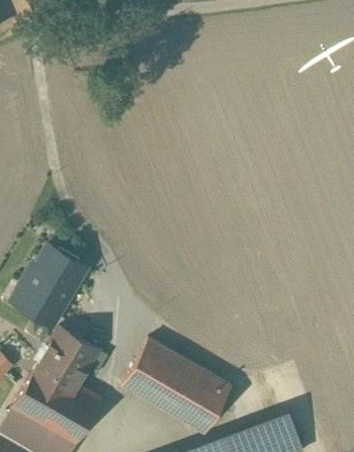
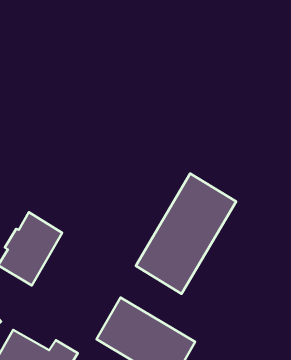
building: none -> [136,173,236,294]
building: [32,328,99,396] -> none

